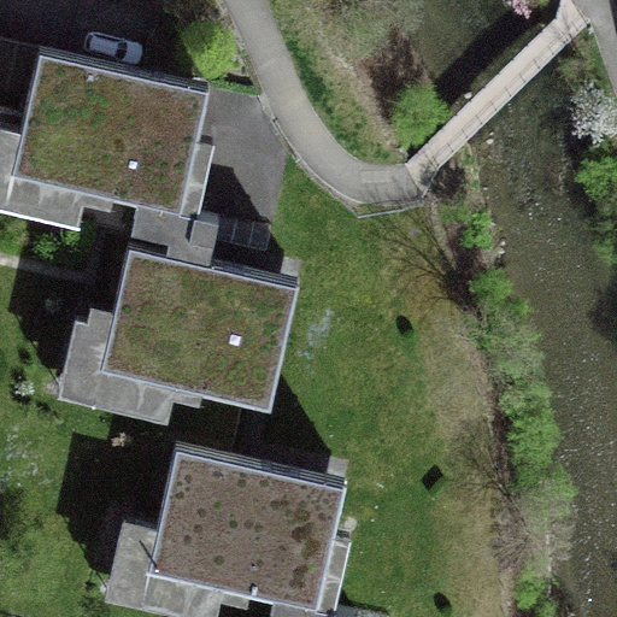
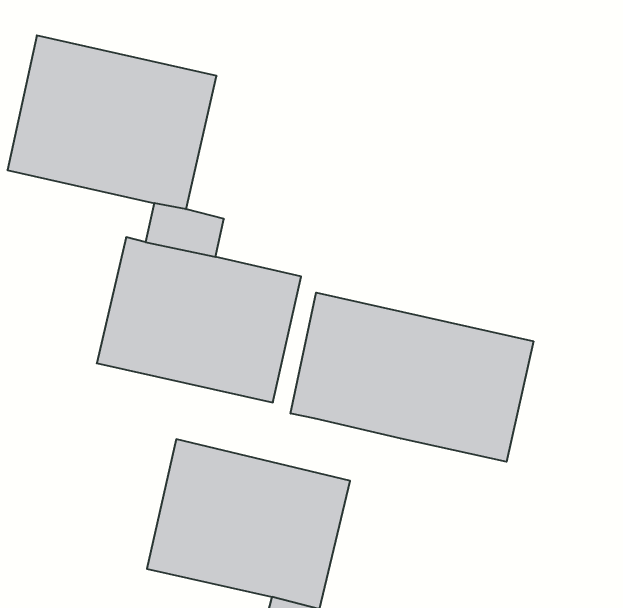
building: none -> [291,293,533,462]

